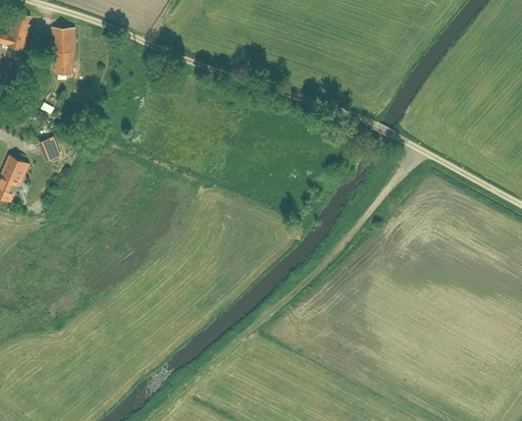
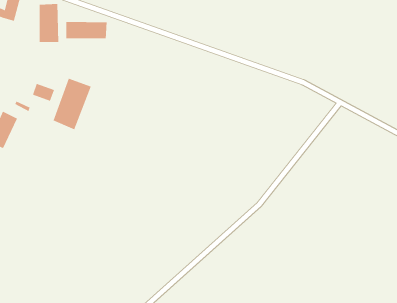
building: none -> [66,21,107,39]
building: none -> [53,78,92,130]

